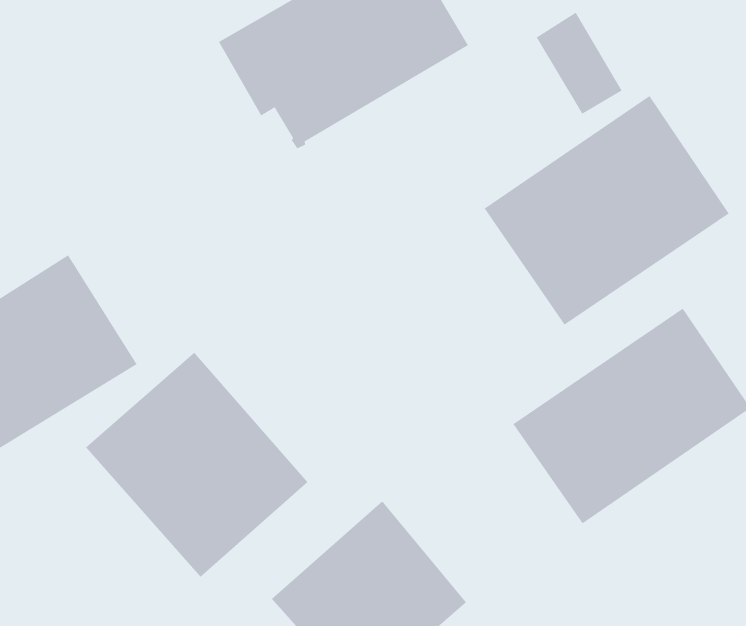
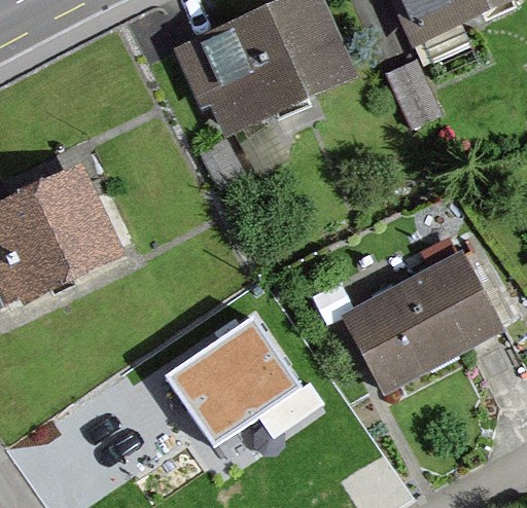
building: [484,95,729,326] -> none
building: [85,352,308,578] -> none

